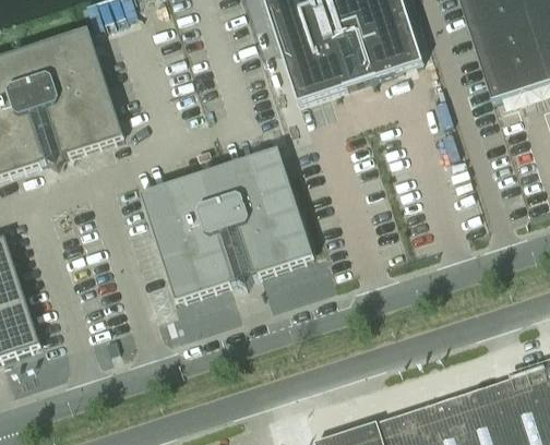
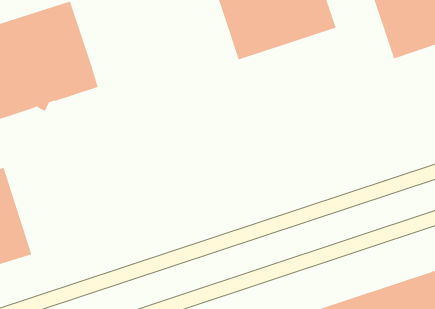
building: [140,148,313,302] -> none

